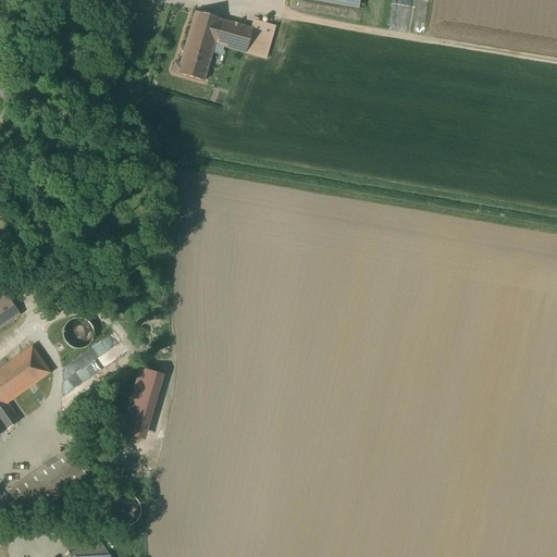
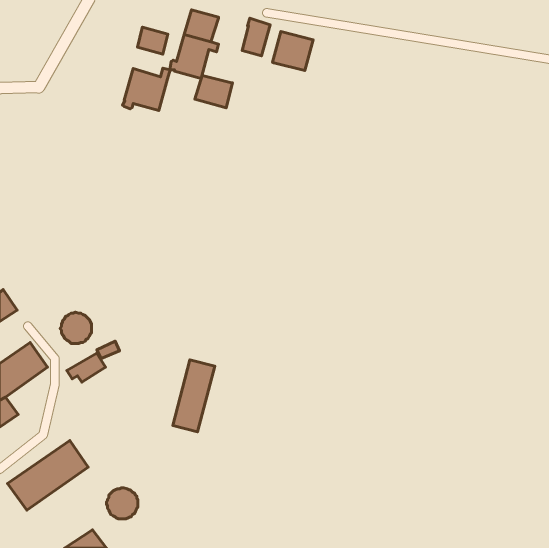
building: [213,18,251,51] -> [195,75,232,108]
building: none -> [138,27,168,54]
building: none -> [272,31,313,70]
building: none -> [123,68,170,111]
building: [122,364,164,437] -> [173,360,215,432]

